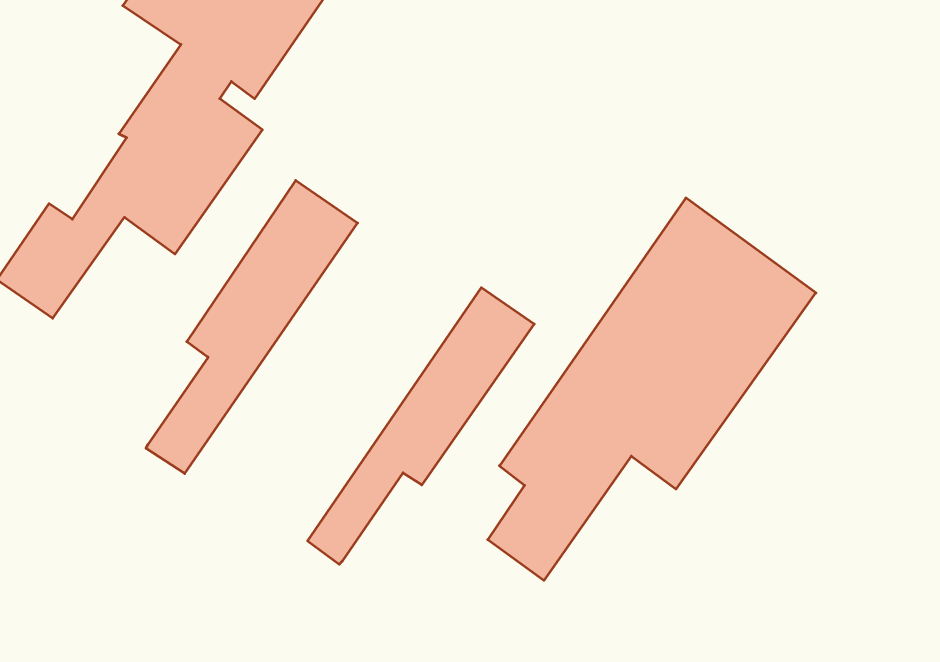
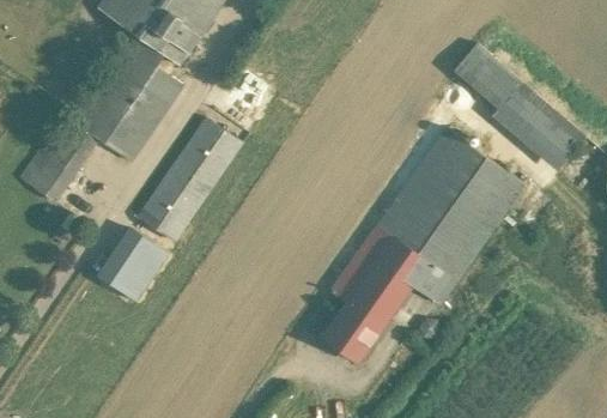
building: none -> [454,41,590,170]
building: [308,288,534,564] -> none

